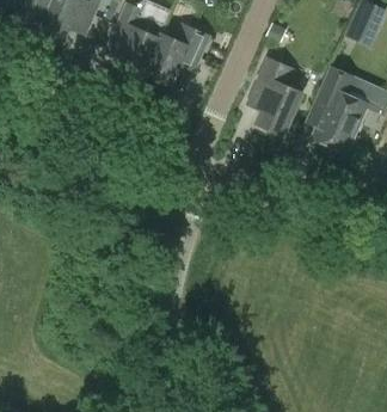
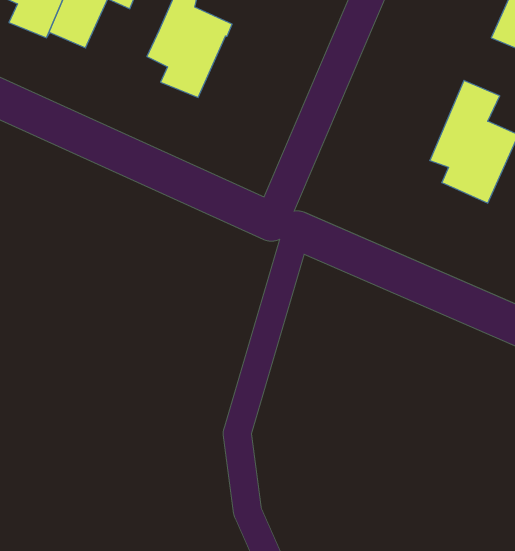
building: [142,23,209,84] -> none
building: [256,57,302,134] -> none

